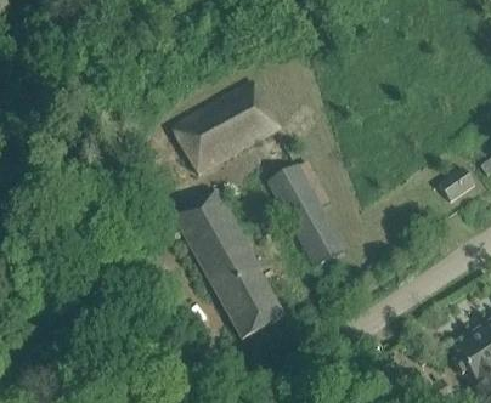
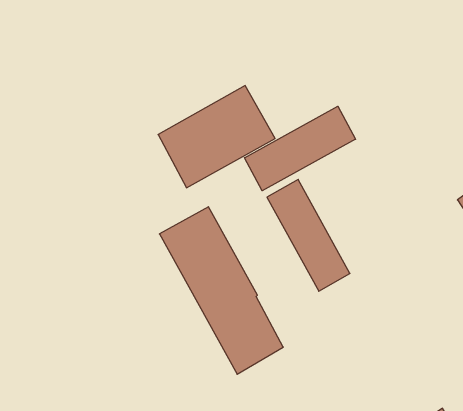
building: none -> [244,106,356,191]

